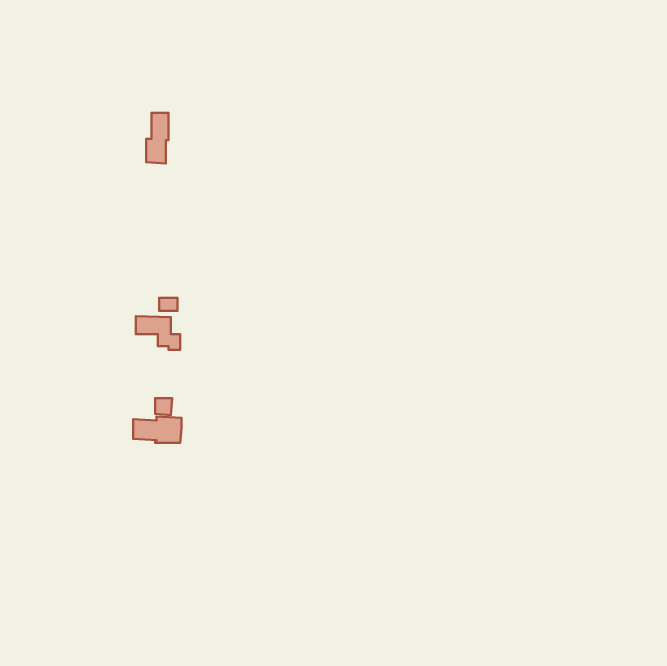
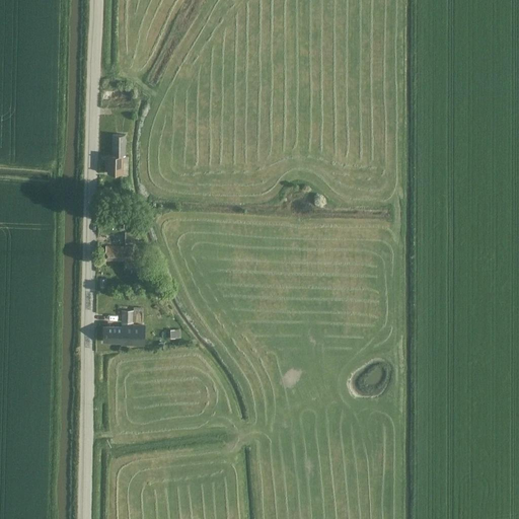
building: [146,113,168,164] -> [107,135,125,174]

